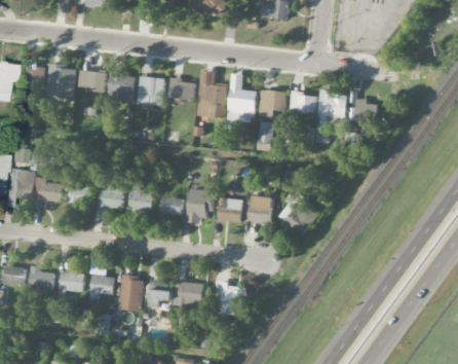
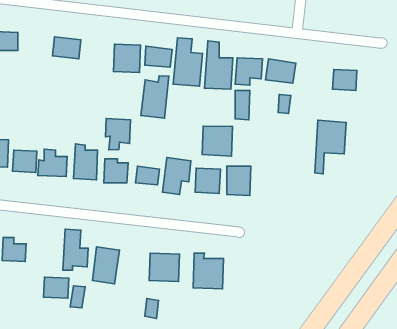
building: [45,64,77,100] -> none
building: [108,73,136,102] -> none
building: [314,90,345,143] -> [315,120,346,174]
building: none -> [141,76,169,118]
building: none -> [105,118,130,150]
building: none -> [202,126,233,156]
building: [275,191,317,236] -> none
building: [59,271,83,292] -> [44,277,69,298]
building: [148,282,173,307] -> none

